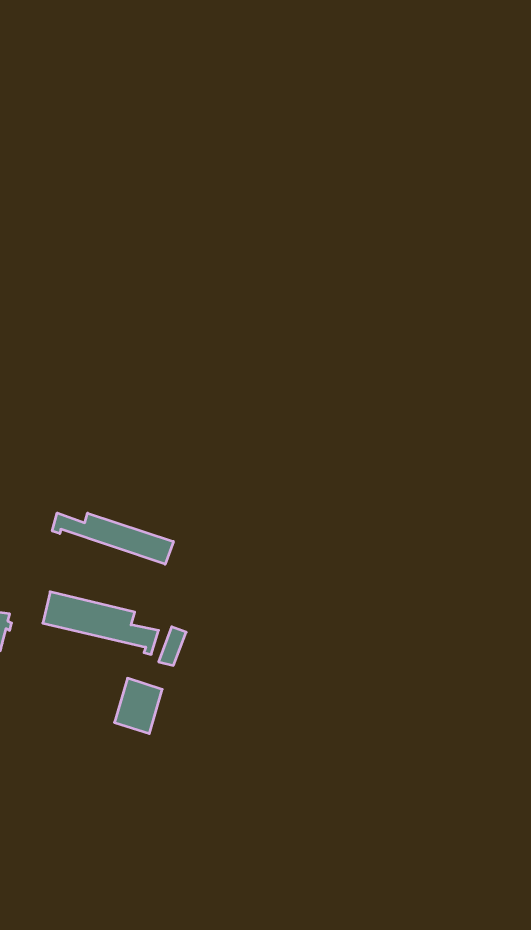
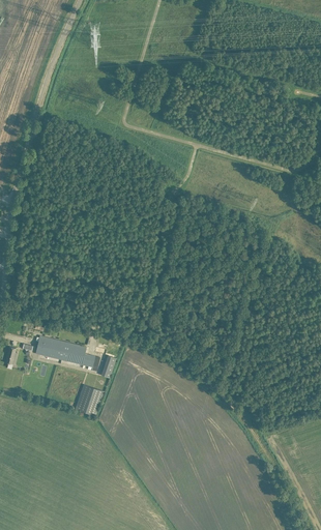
building: [52,513,173,564] -> none

